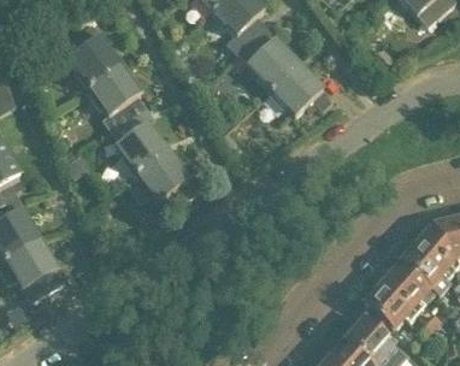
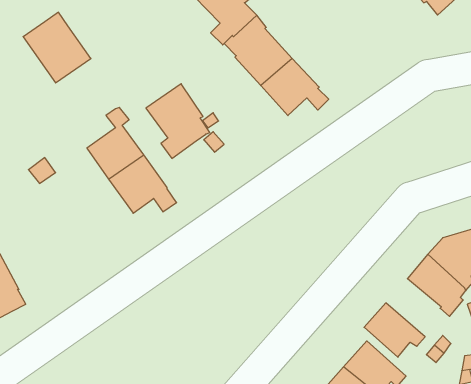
building: [89,65,146,131] -> [146,84,210,158]
building: [382,260,431,312] -> none

